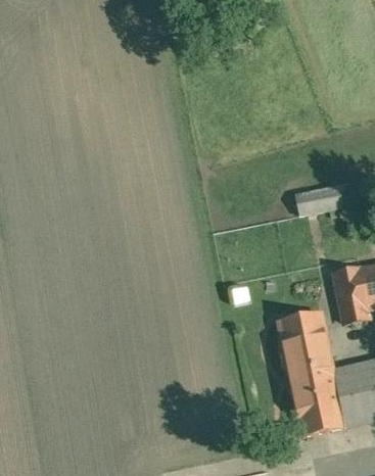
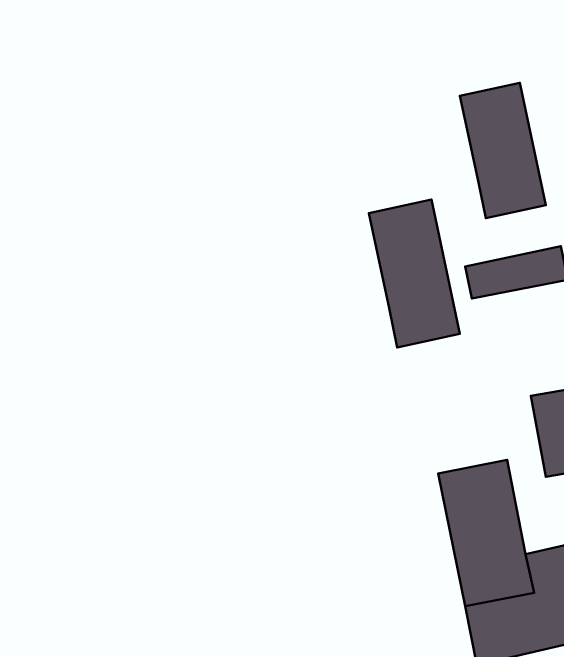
building: none -> [460,83,546,218]
building: none -> [369,200,460,348]

